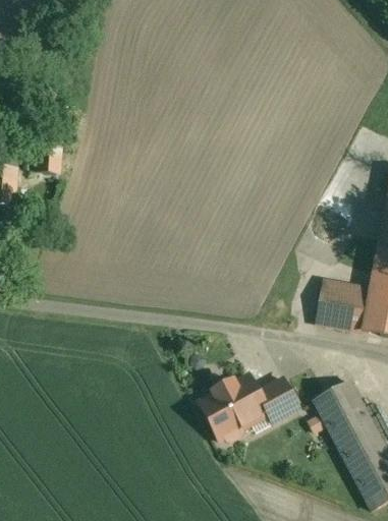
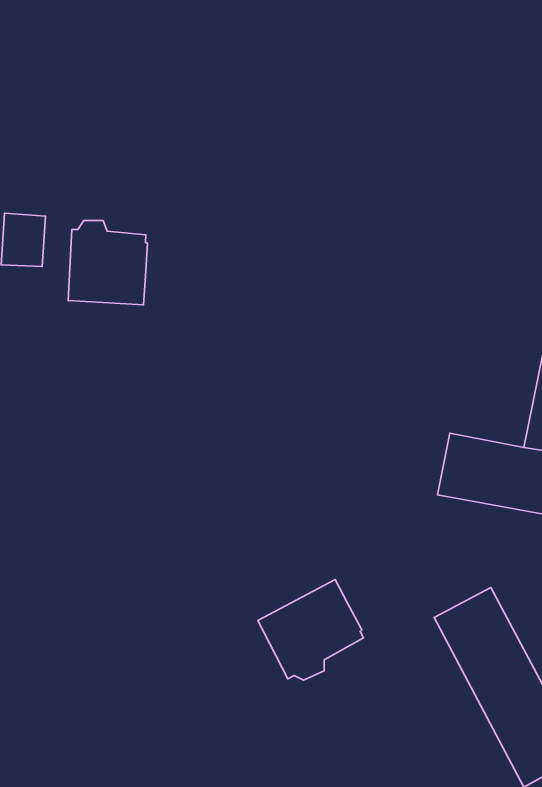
building: none -> [68,220,147,305]
building: [257,378,298,422] -> none

